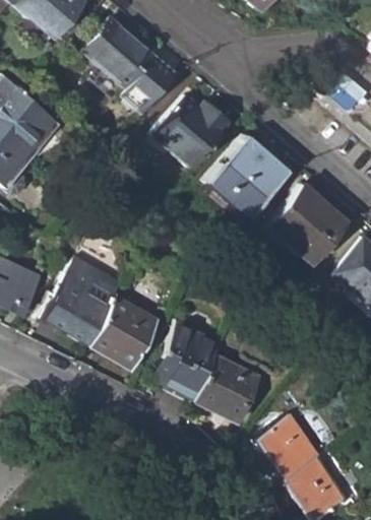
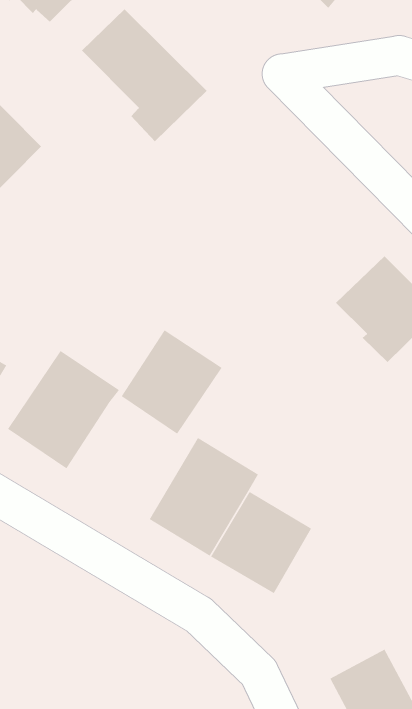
building: [152,93,231,167] -> none
building: [204,134,288,216] -> none
building: [90,299,161,372] -> [121,329,222,434]
building: [257,415,322,482] -> none

